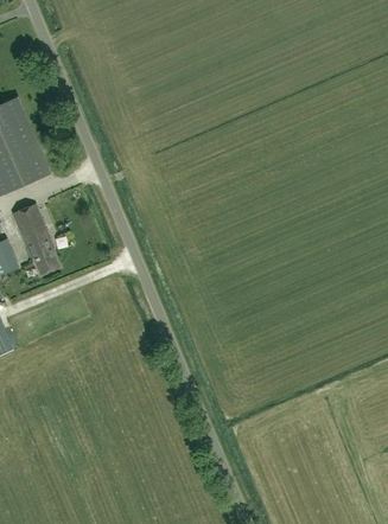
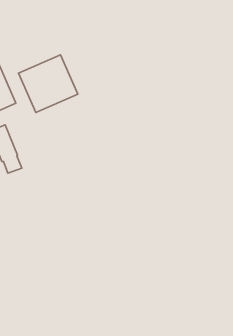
building: none -> [18,55,78,112]

